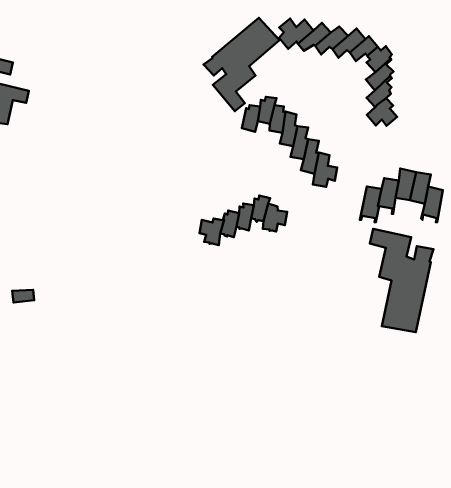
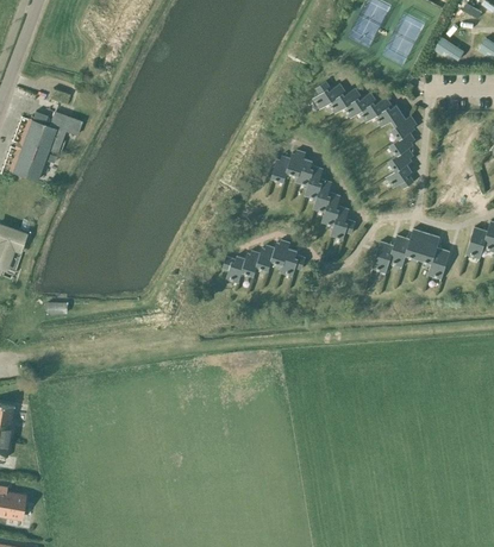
building: [203,18,279,111] -> none
building: [370,229,434,332] -> none

